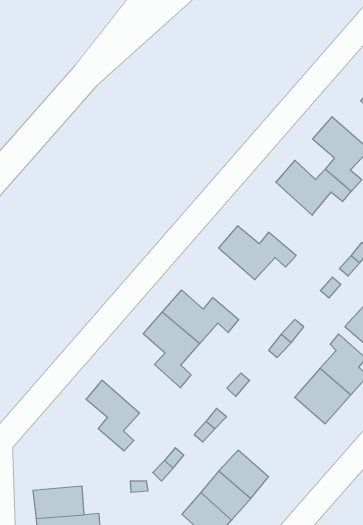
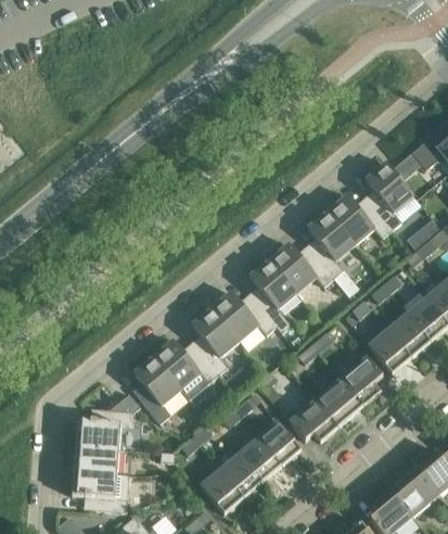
building: none -> [308,212,355,278]
building: none -> [249,260,296,332]
building: none -> [153,341,217,399]
building: none -> [284,400,337,442]
building: none -> [75,394,140,448]
building: none -> [258,422,300,466]

